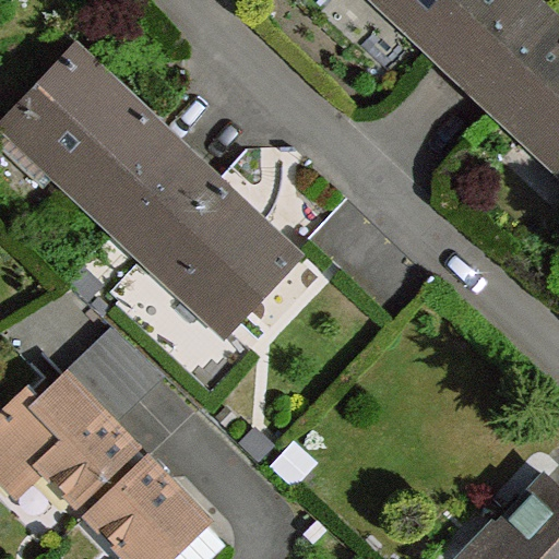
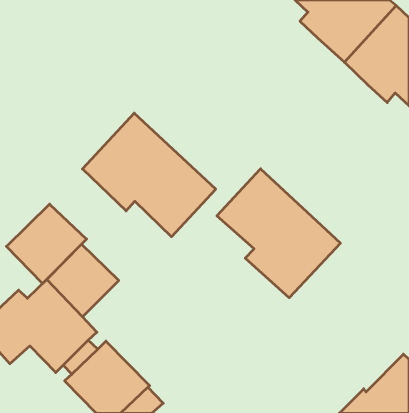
building: [12,50,181,228] -> none
building: none -> [217,169,340,298]
building: none -> [6,204,87,283]

